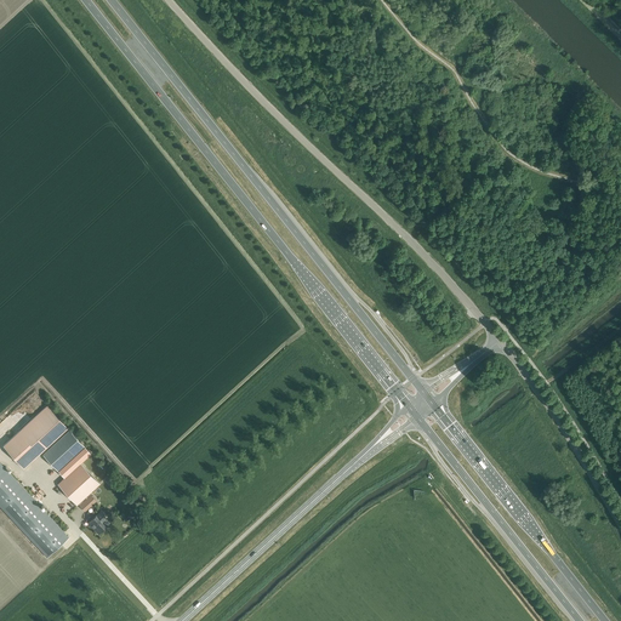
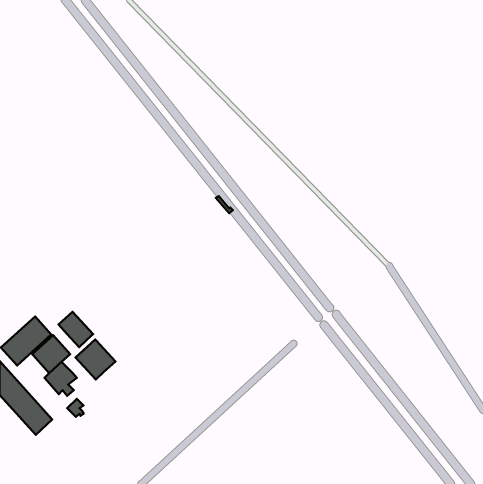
building: none -> [59,312,93,347]
building: none -> [75,339,115,380]

